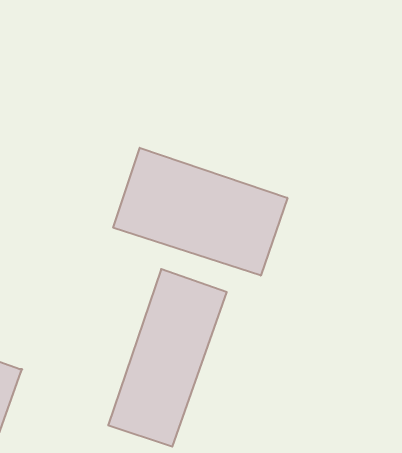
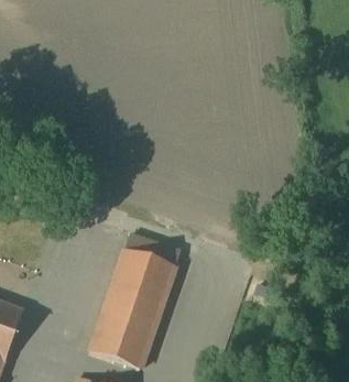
building: [113,148,287,276] -> none

